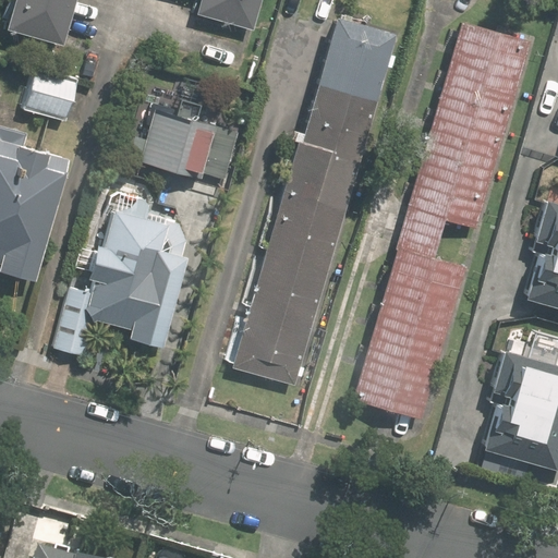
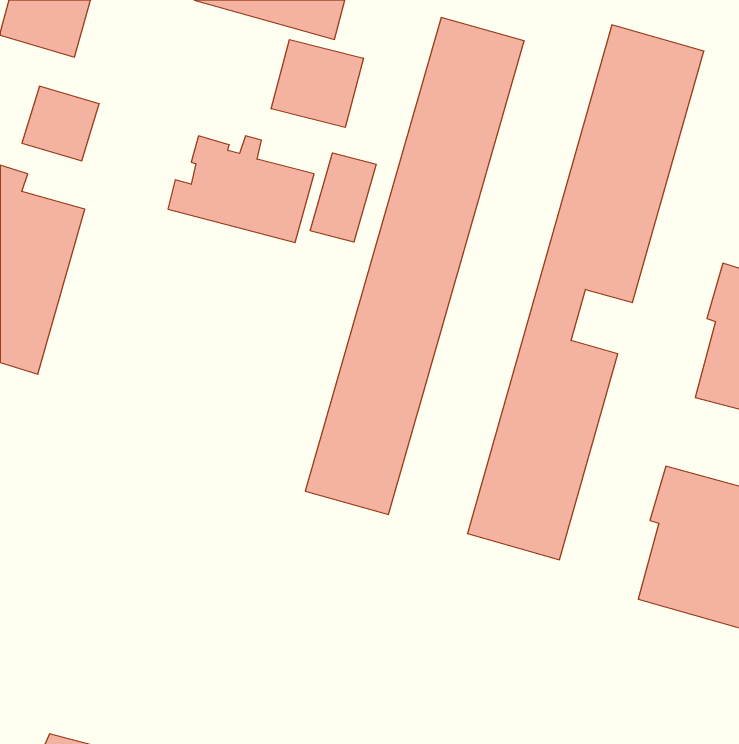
building: none -> [271,40,363,127]
building: none -> [310,153,376,242]
building: [54,197,187,356] -> none

